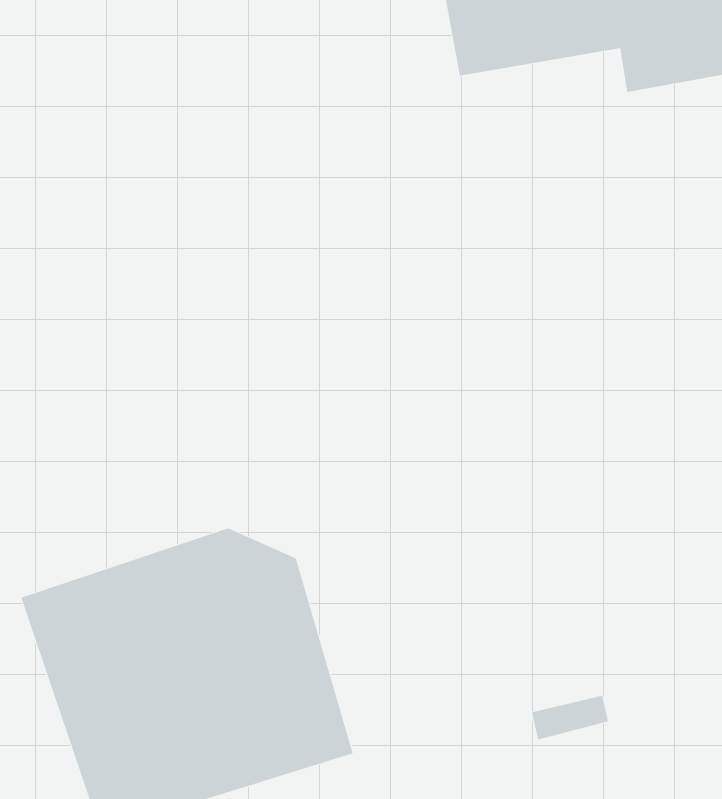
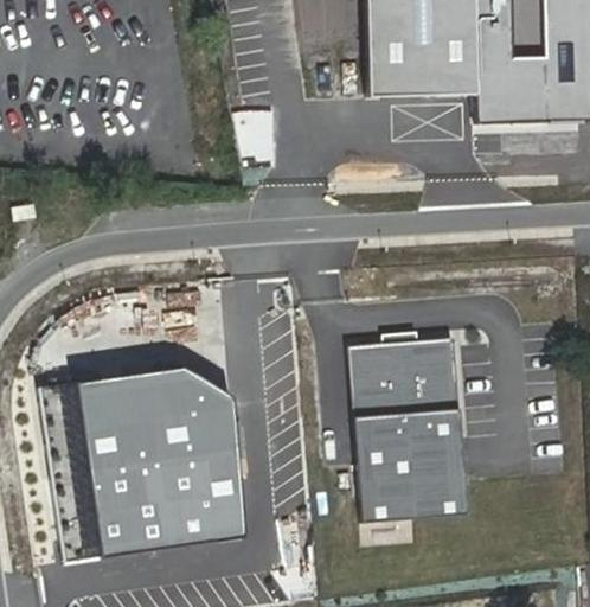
building: none -> [348,330,469,515]

